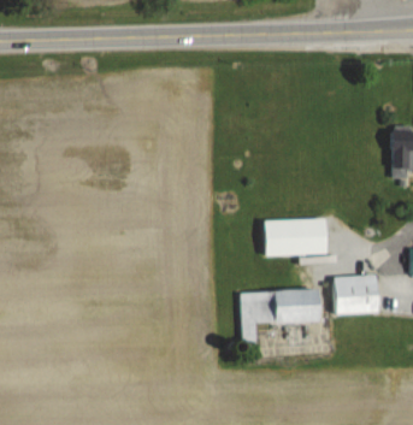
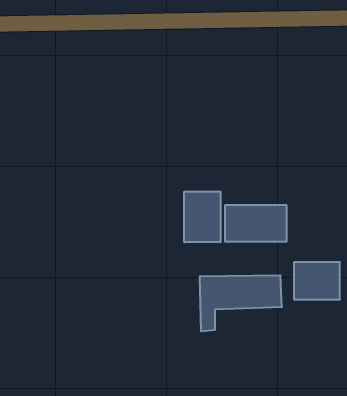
building: none -> [184,192,221,242]

